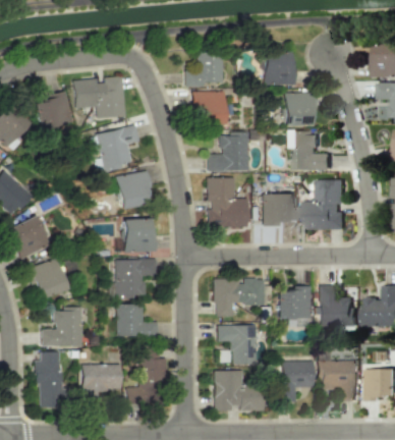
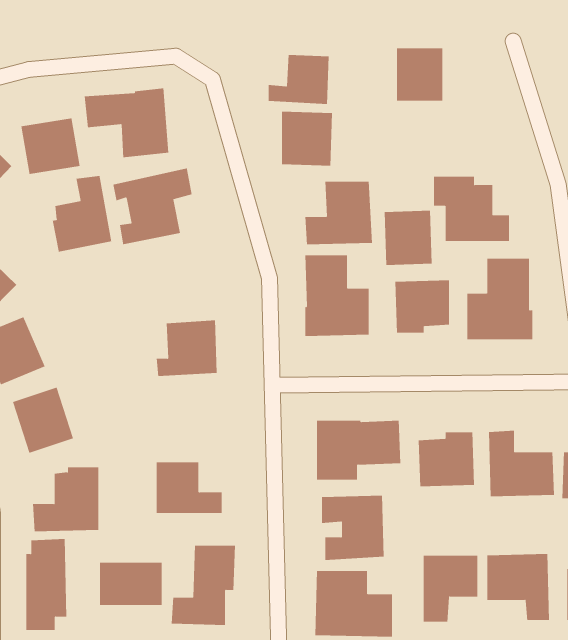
building: [282,92,312,125] -> [384,210,432,265]
building: none -> [52,175,112,253]
building: [116,171,149,208] -> none
building: [108,259,156,297] -> none

